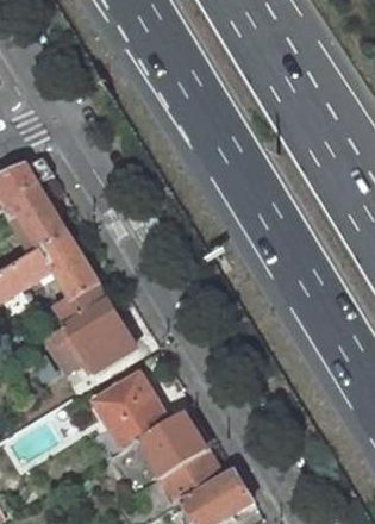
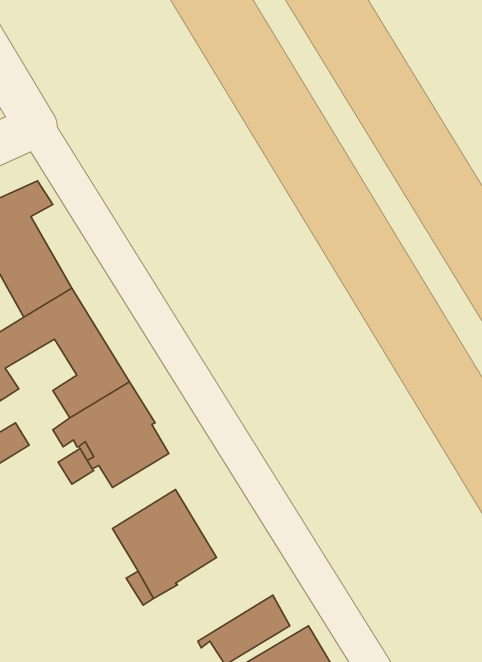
building: [138,410,206,475] -> none

